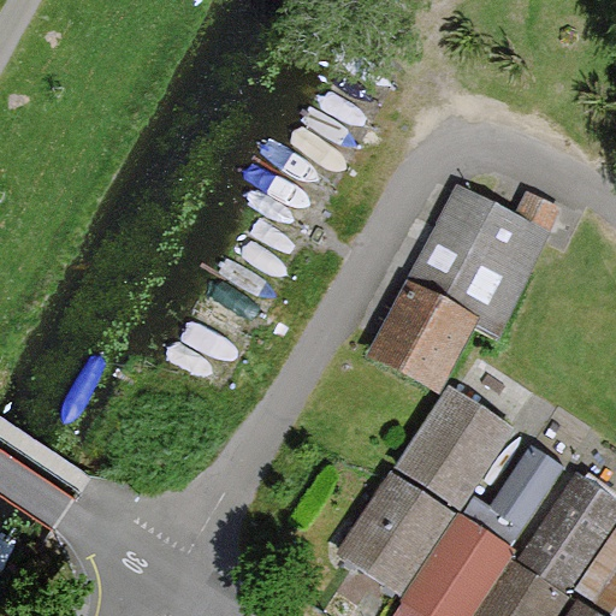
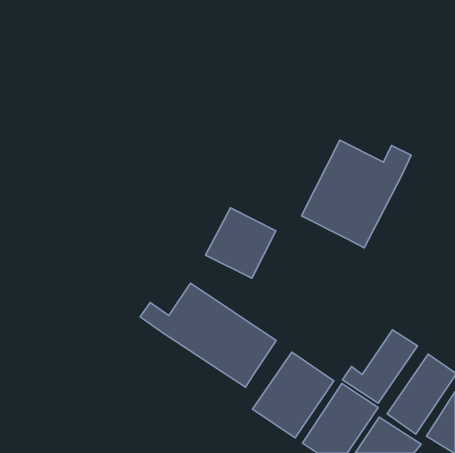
building: [373,291,468,386] -> [205,208,276,278]
building: none -> [140,283,276,387]
building: [399,392,504,504] -> none

